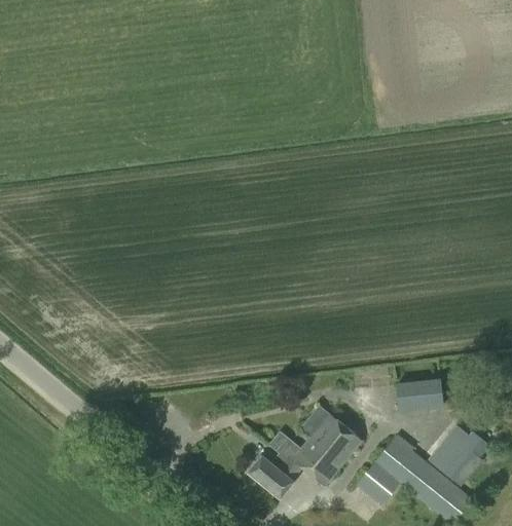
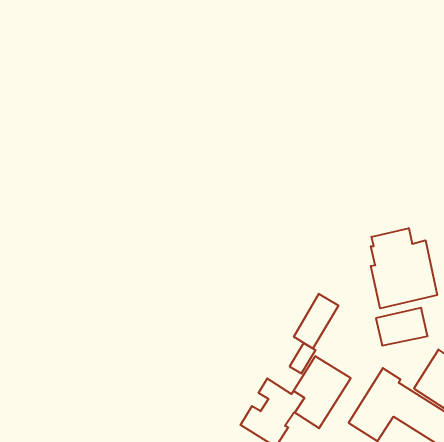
building: none -> [371,228,437,308]
building: none -> [294,294,338,348]

